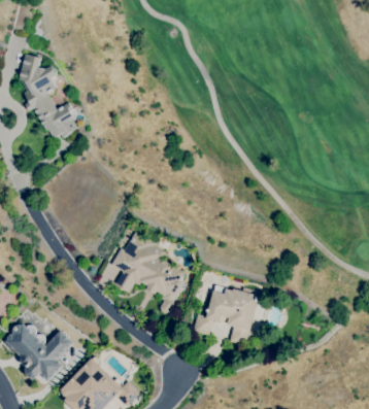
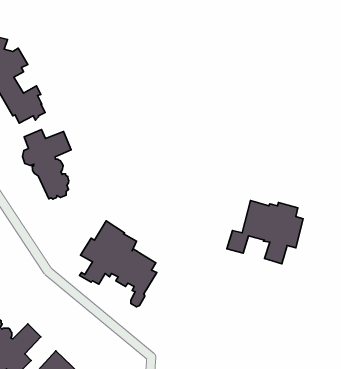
building: none -> [22,129,71,199]
building: [193,285,266,346] -> [227,200,303,264]

